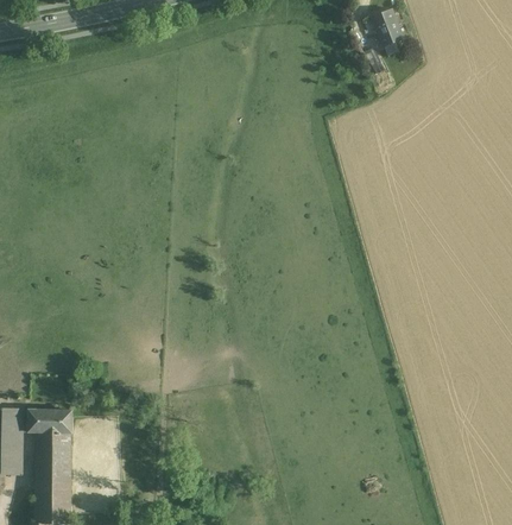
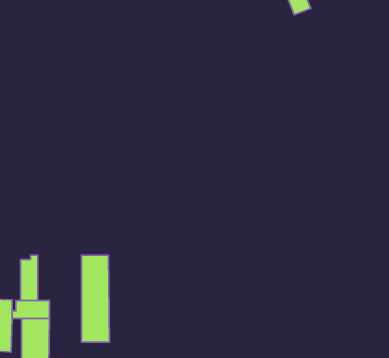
building: none -> [20,255,38,301]
building: none -> [81,255,110,342]

